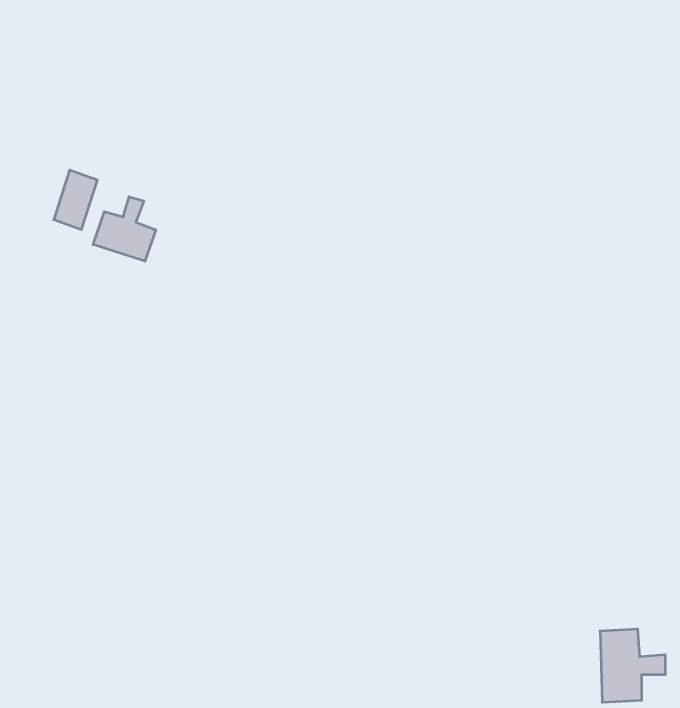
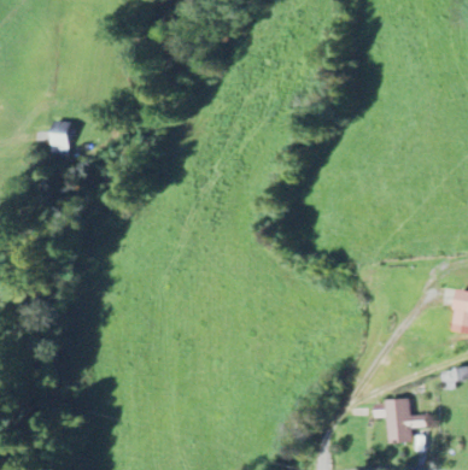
building: [93,197,156,261] -> none

